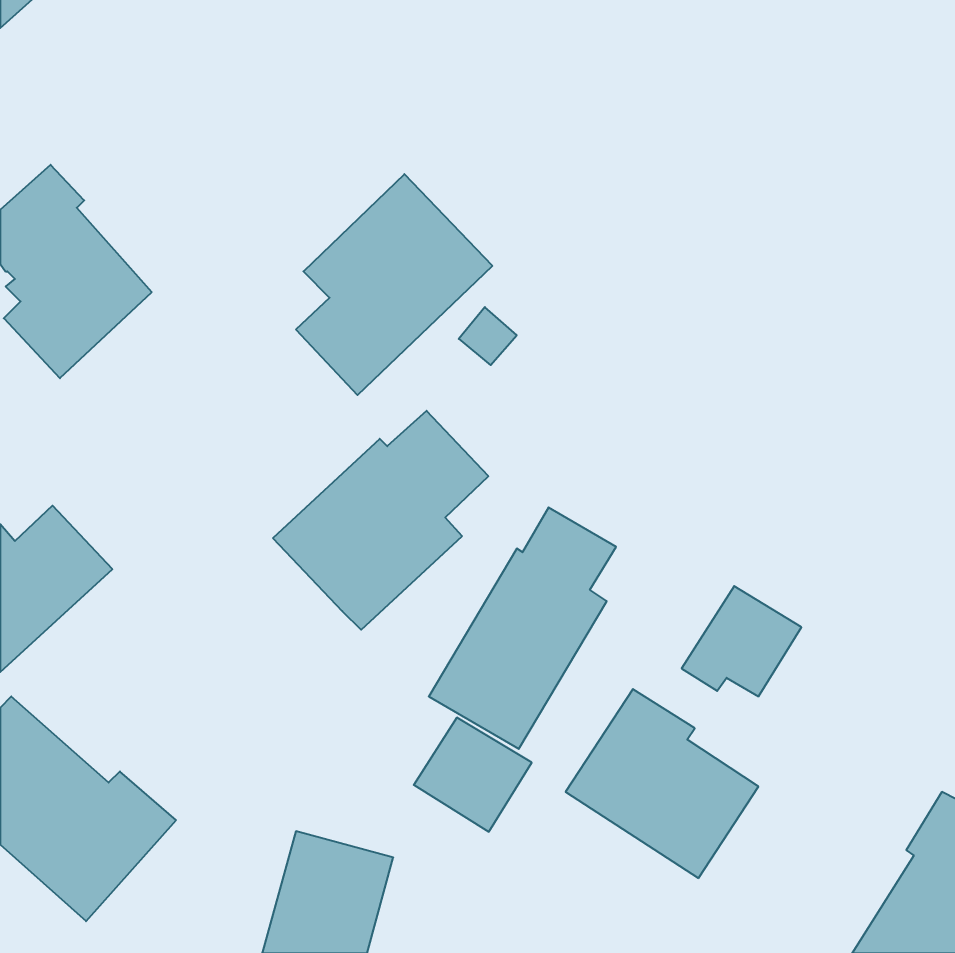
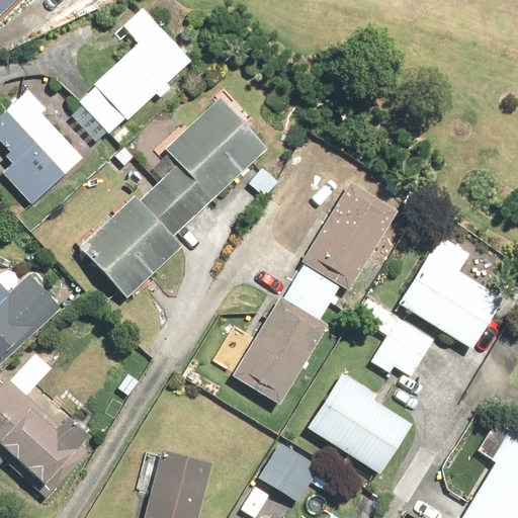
building: none -> [78,25,191,134]
building: none -> [297,179,397,295]
building: [273,411,488,630] -> [78,178,194,296]
building: none -> [399,238,503,350]
building: [414,718,532,832] -> [257,441,321,503]

